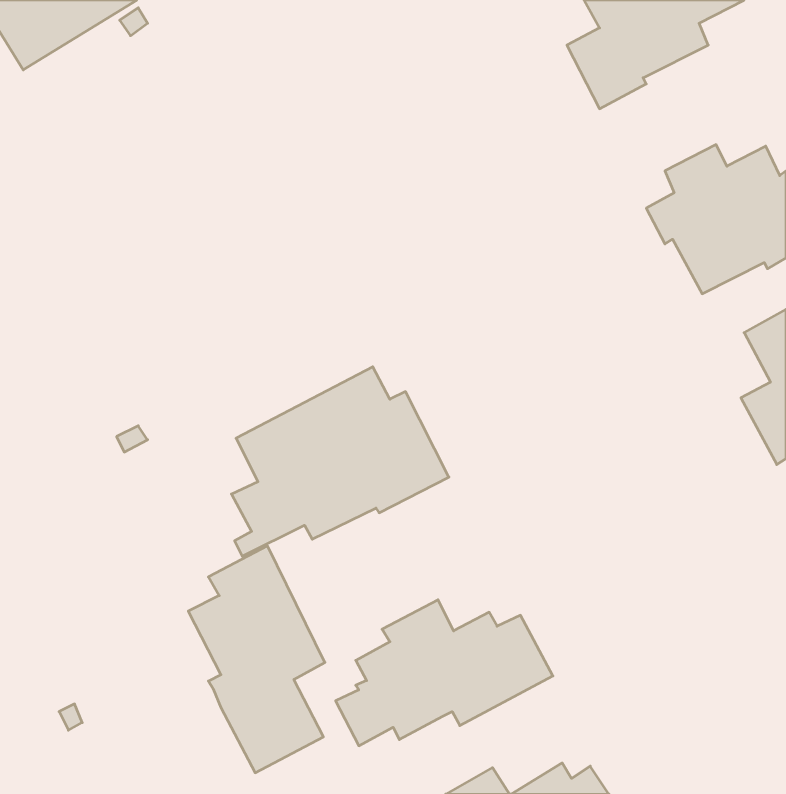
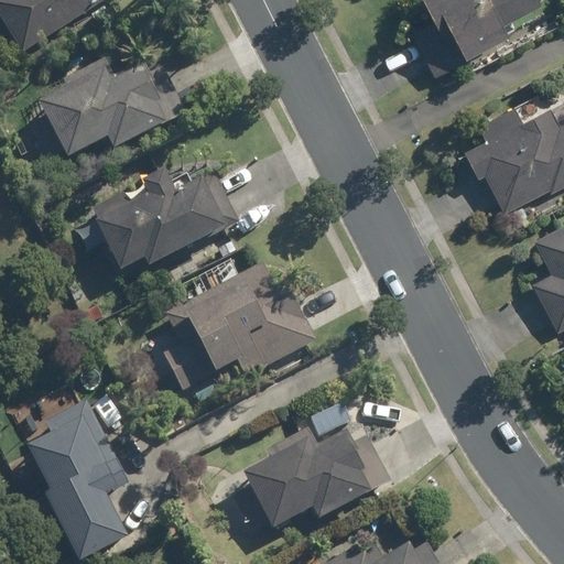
building: none -> [36,55,192,158]
building: none -> [106,163,237,263]
building: [188,546,325,773] -> [39,395,135,556]

